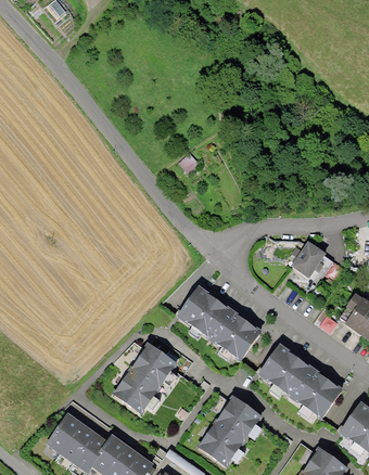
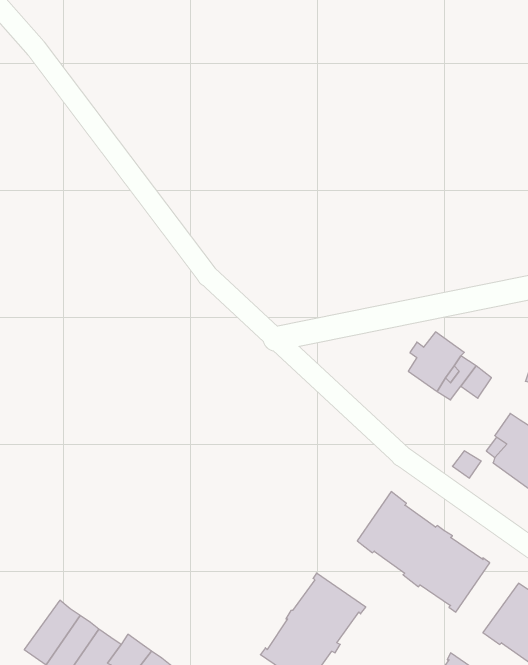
building: [177,284,263,361] -> none
building: [112,342,178,414] -> none

